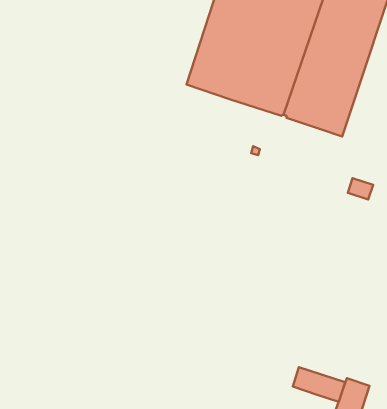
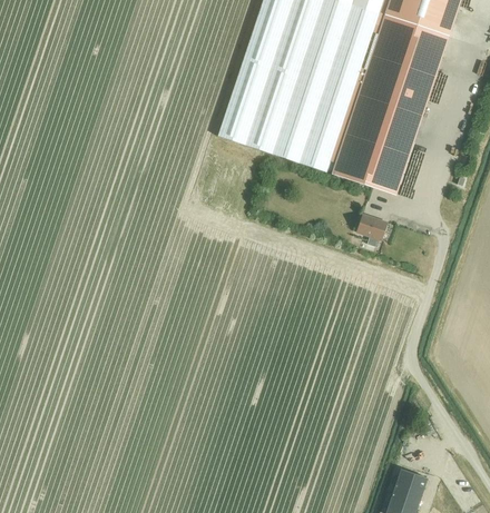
building: [348,178,373,200] -> [357,214,386,238]
building: [293,367,345,402] -> none

